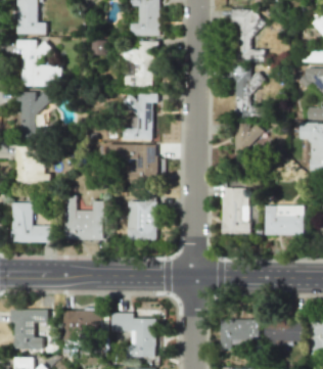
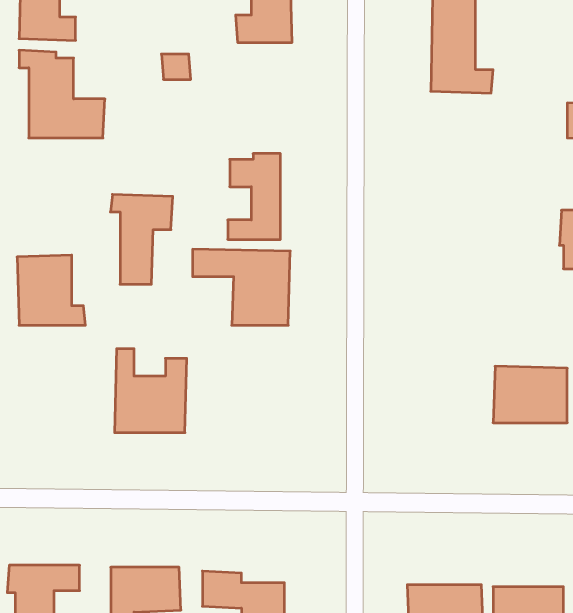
building: [125,40,157,86] -> none
building: [233,65,263,118] -> none
building: [15,91,48,138] -> [110,194,173,284]
building: [234,123,260,168] -> none
building: [222,187,249,235] -> none
building: [128,200,158,241] -> none
building: [11,201,53,242] -> none

